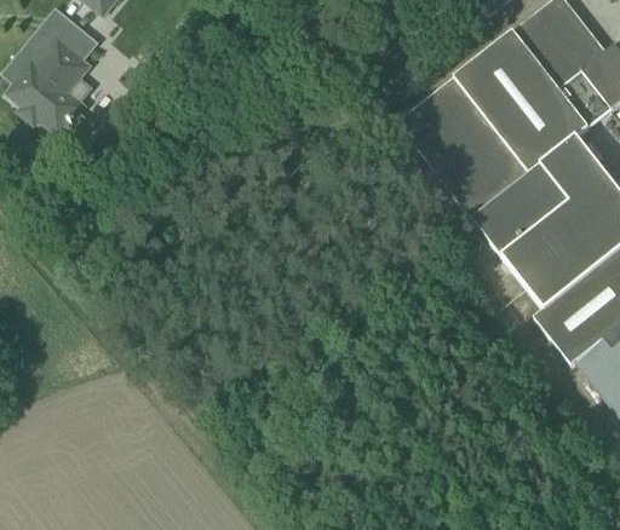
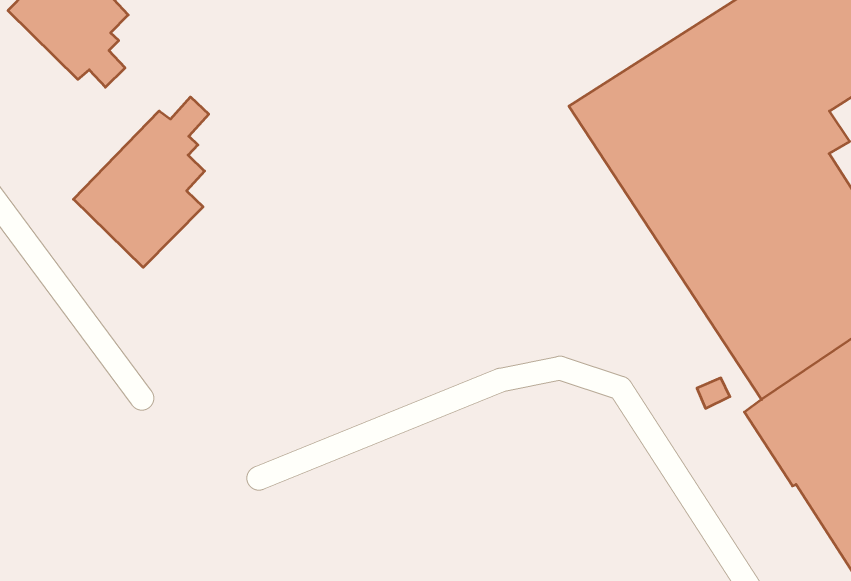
building: none -> [73,97,209,267]

